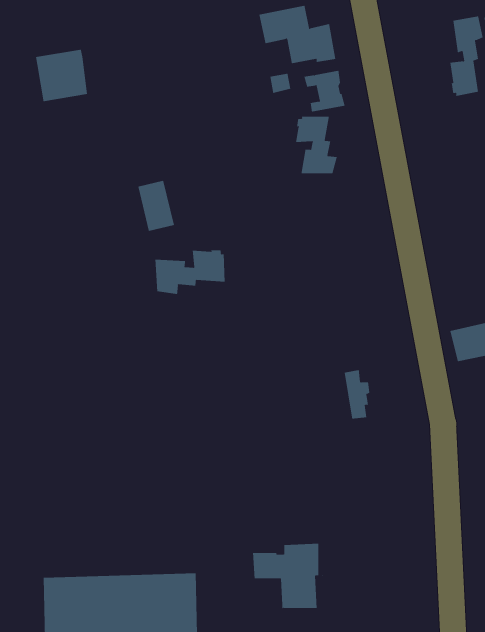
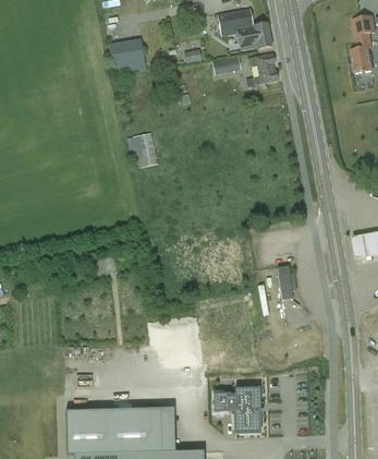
building: [35,49,88,102] -> [108,37,145,74]
building: [295,116,337,174] -> none
building: [155,249,225,295] -> none

